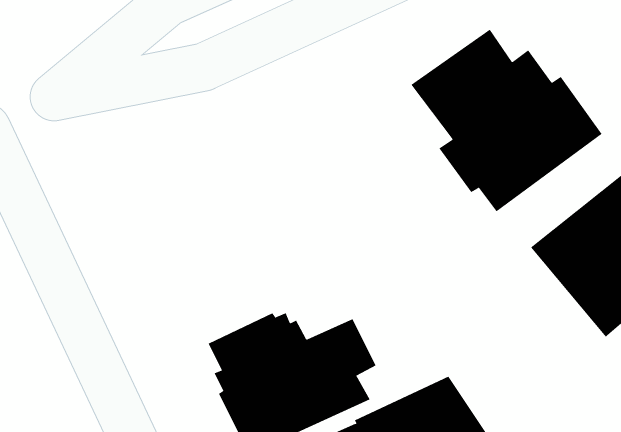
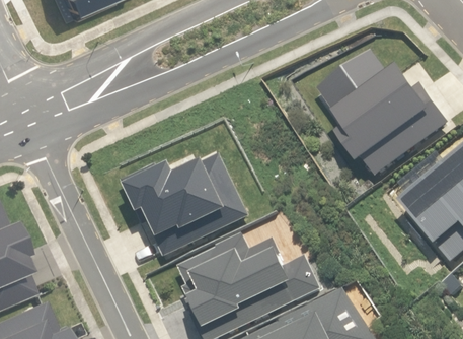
building: none -> [121,151,248,254]

